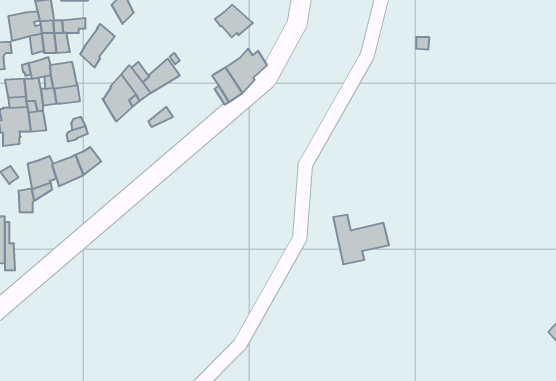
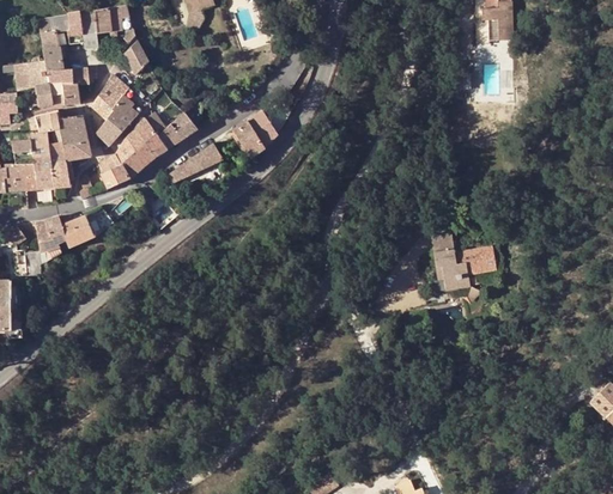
building: [215,5,253,37] -> none
building: none -> [96,86,140,145]
building: none -> [182,142,221,172]
building: none -> [98,153,128,187]
building: none -> [50,158,71,197]
building: [333,215,389,264] -> [437,239,497,292]

